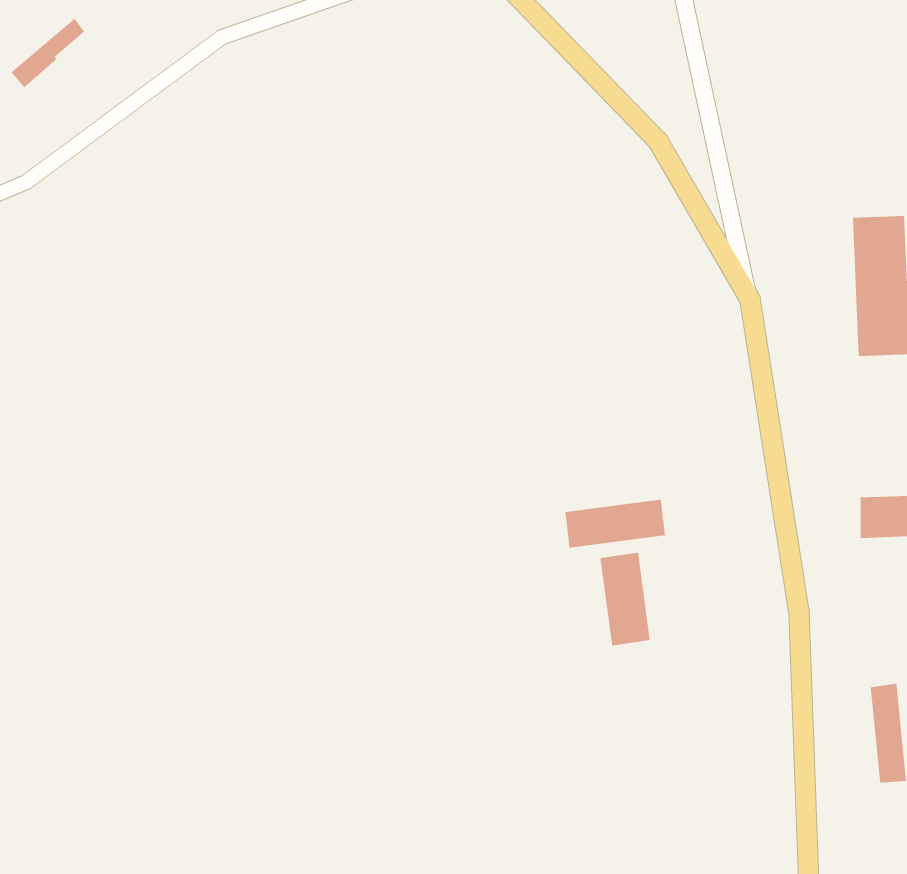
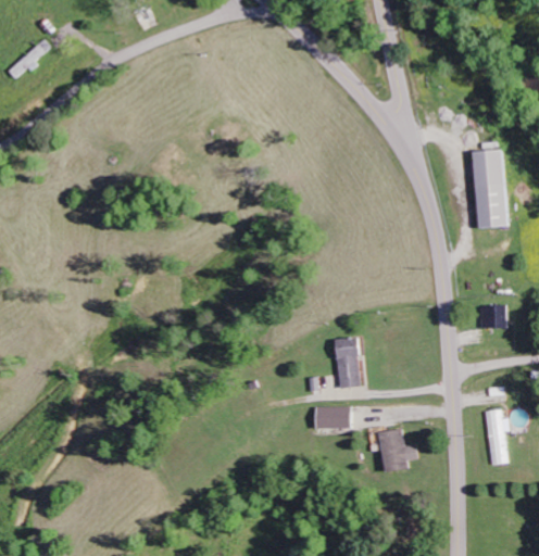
building: [565,499,665,549] -> none
building: none -> [317,407,352,429]
building: none -> [378,430,416,472]

